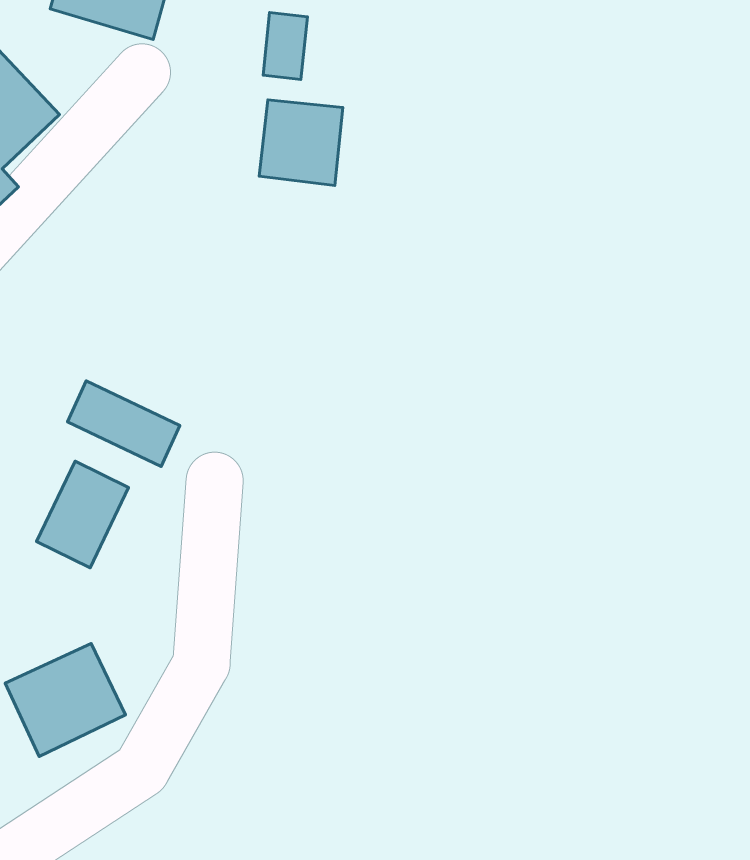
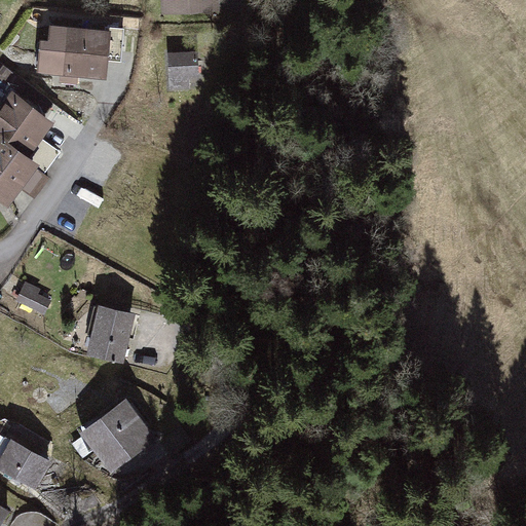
building: [259,100,343,185] -> none
building: [67,381,180,467] -> none

